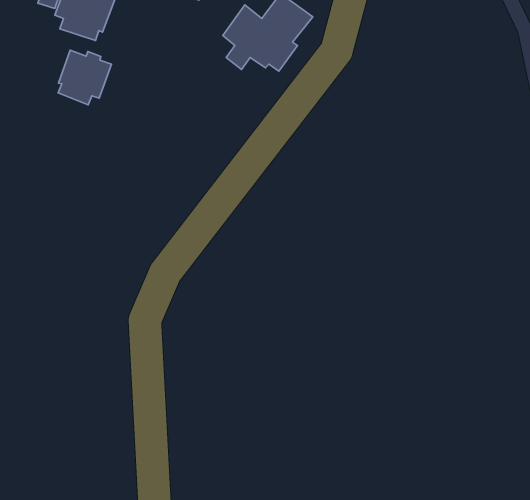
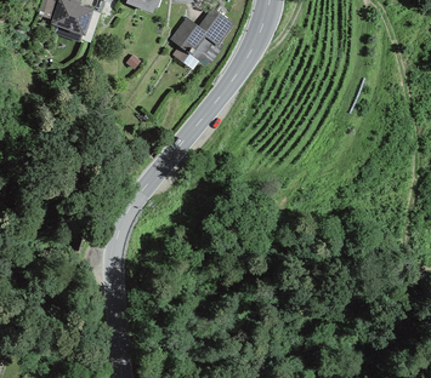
building: [58,50,112,105] -> none

